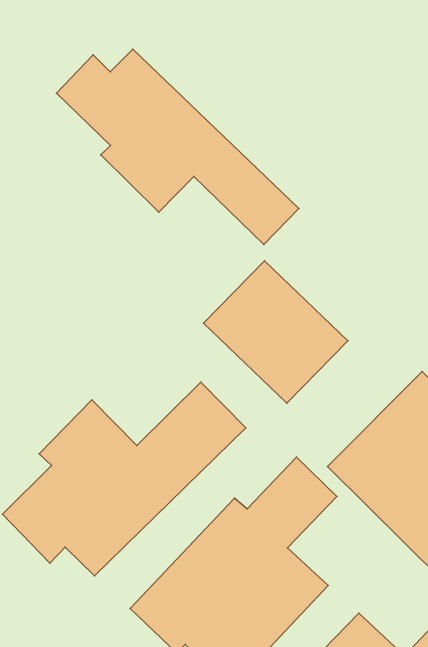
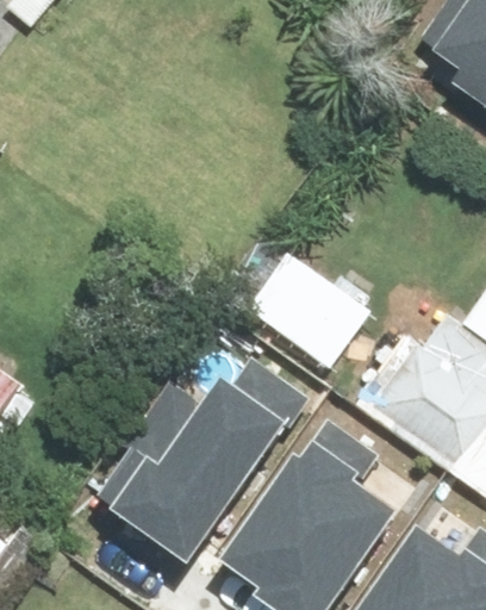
building: [57,49,299,244] -> none

